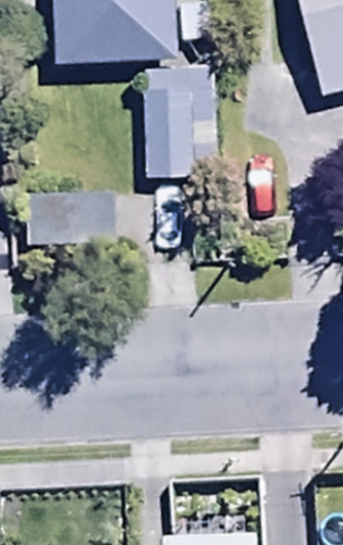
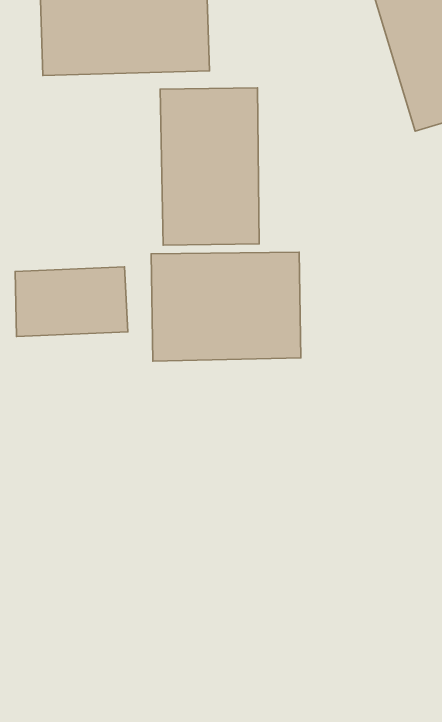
building: none -> [151,252,301,361]

